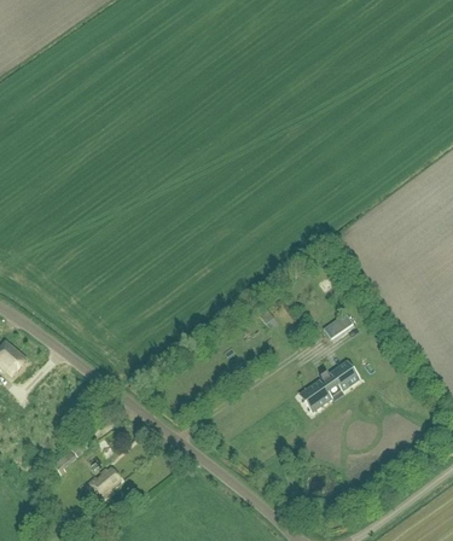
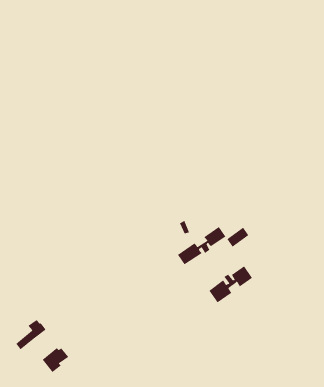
building: none -> [177,226,226,265]

